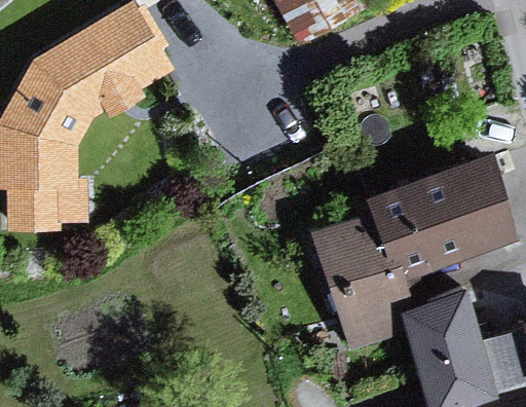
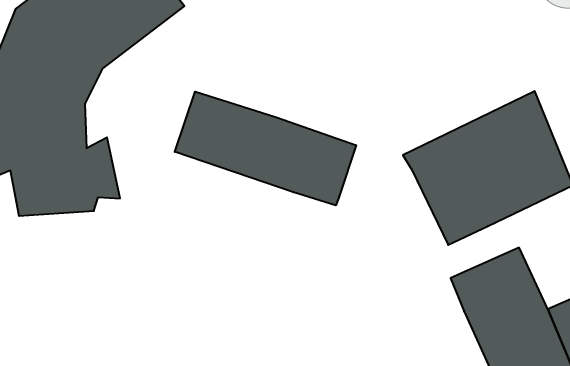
building: none -> [175,92,356,205]
building: [310,214,405,358] -> none

